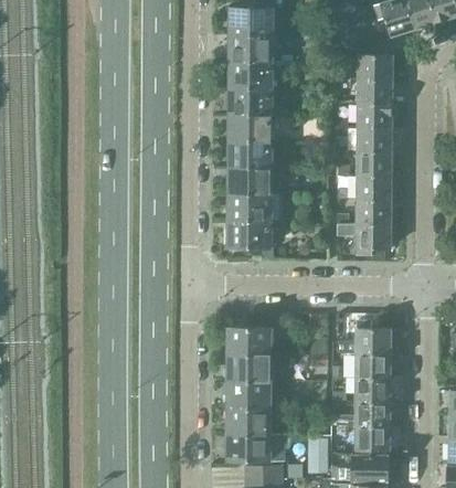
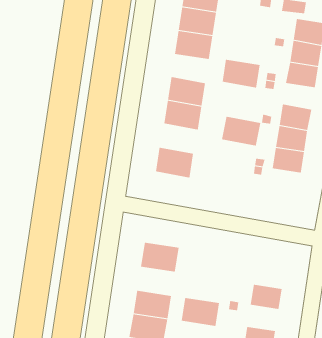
building: [230,114,269,140] -> [222,59,261,88]
building: [357,127,391,151] -> none
building: [229,192,269,220] -> [221,116,261,146]
building: [356,223,390,255] -> none
building: [356,321,389,353] -> none
building: [229,353,268,380] -> [181,297,220,326]
building: [356,376,389,401] -> none

